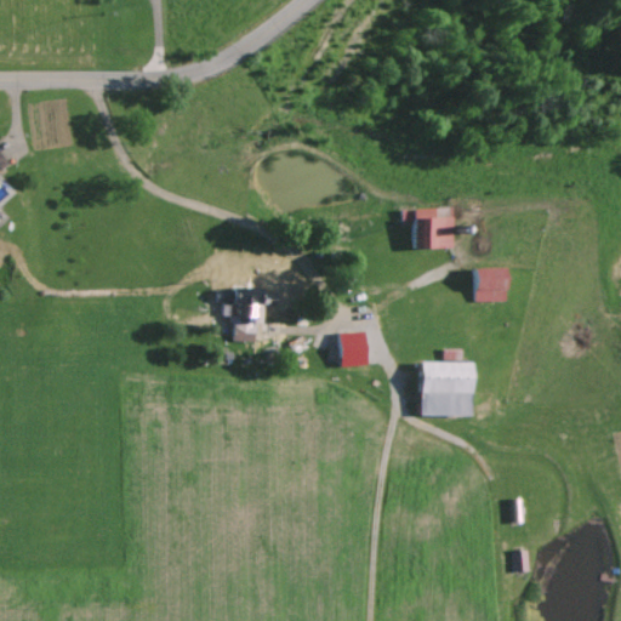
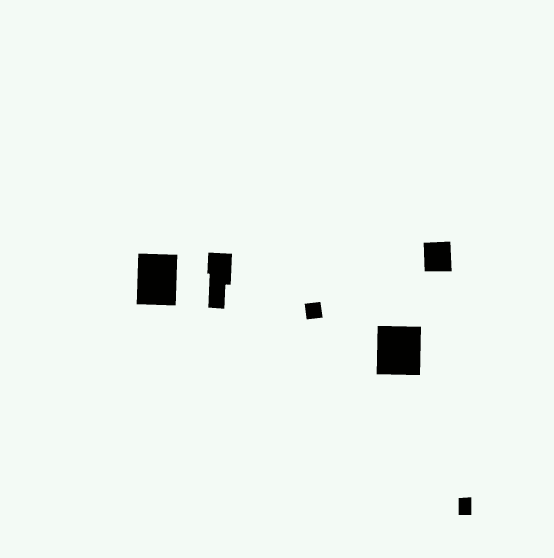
building: [415,209,454,249] -> none
building: none -> [136,253,178,306]

